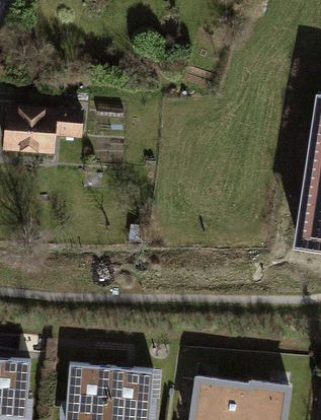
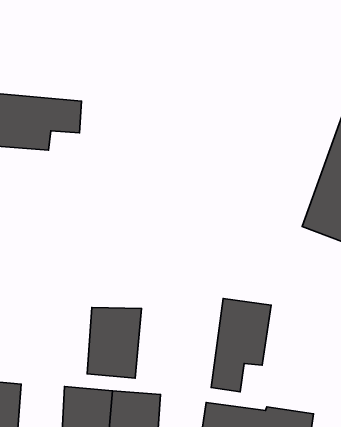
building: none -> [211,299,271,392]
building: none -> [87,307,142,378]

